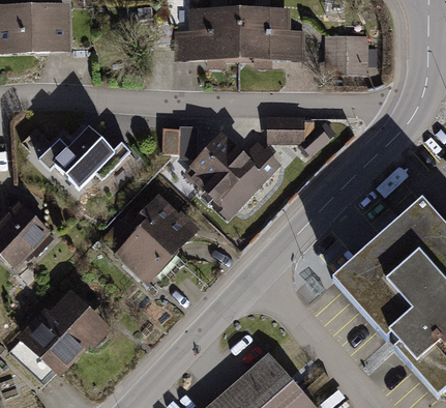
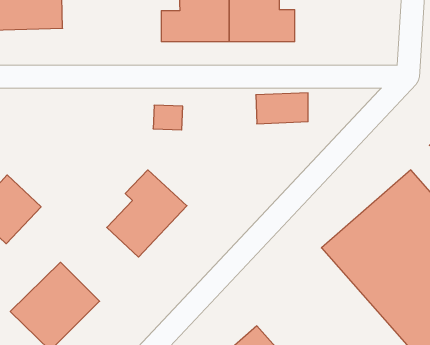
building: [324,37,369,81] -> none
building: [51,124,115,187] -> none
building: [181,132,268,217] -> none

